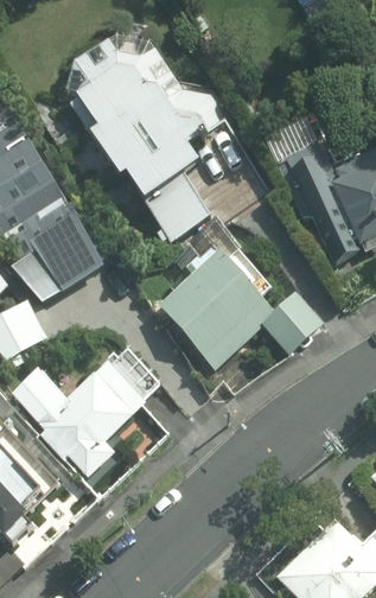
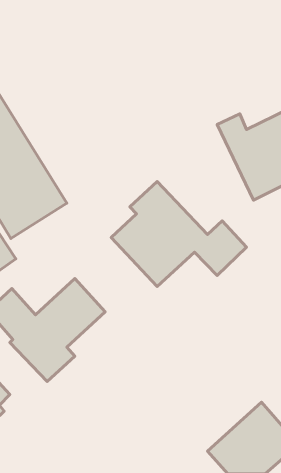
building: [75,53,214,243] -> none

